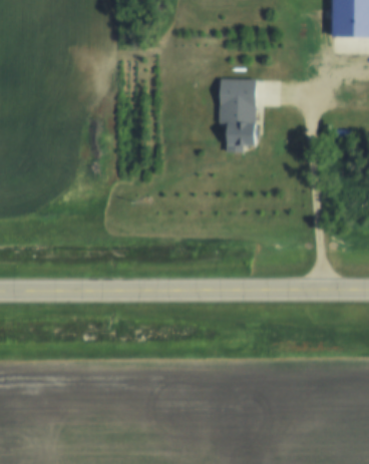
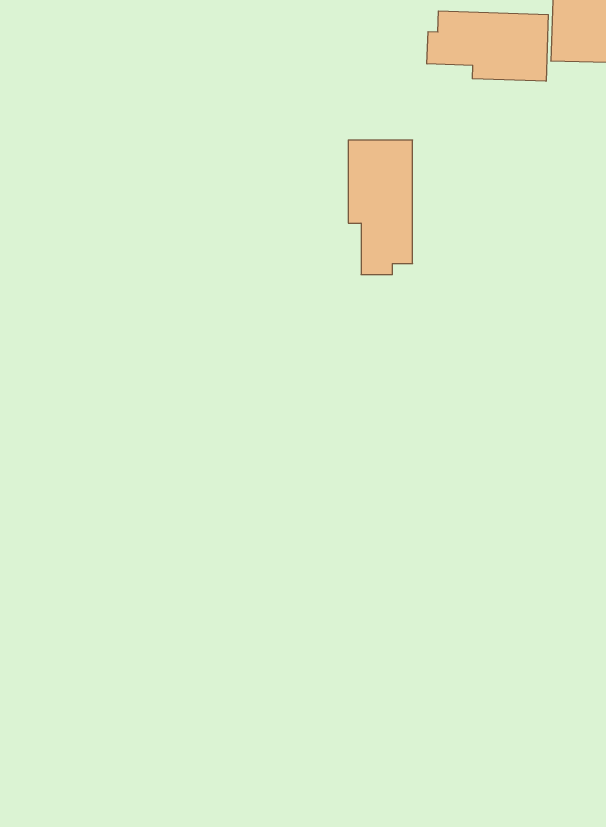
building: none -> [427,11,548,81]

